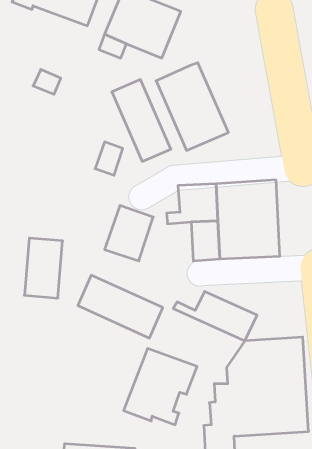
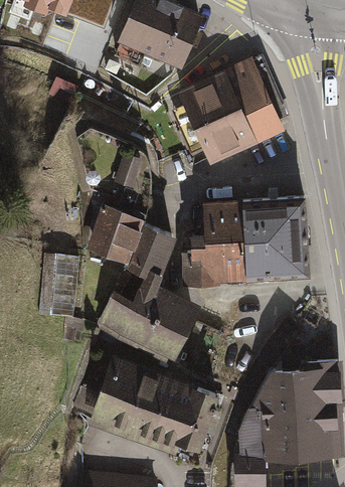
building: [112,80,171,161] -> [222,58,285,145]
building: none -> [85,202,142,263]
building: none -> [182,239,217,284]
building: [173,291,257,341] -> [110,278,198,330]
building: none -> [85,351,169,439]

